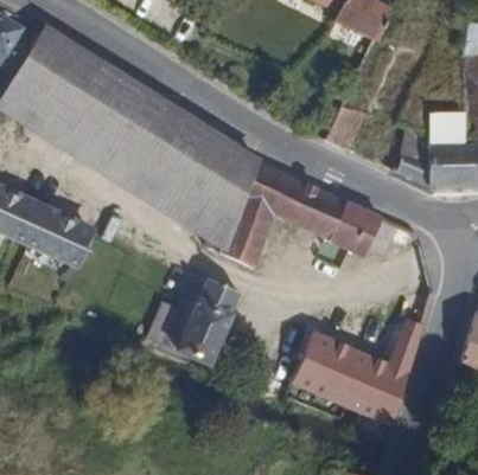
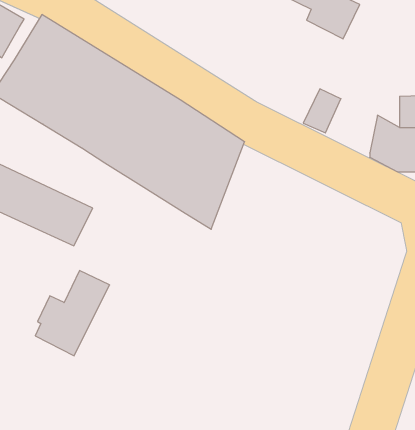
building: [228,159,381,264] -> none
building: [161,280,241,371] -> [35,271,110,356]
building: [291,316,423,425] -> none

